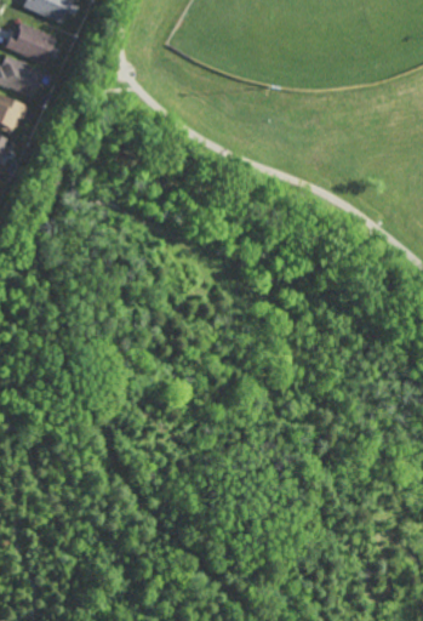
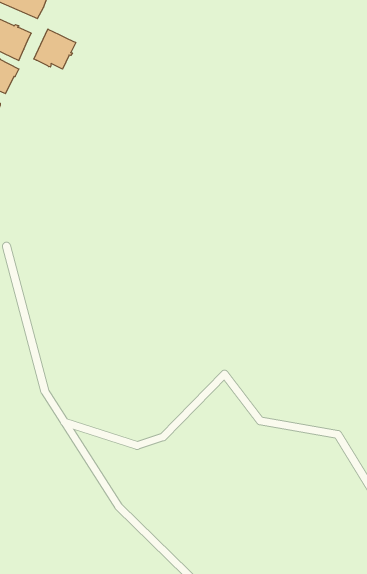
building: none -> [34,29,76,69]

